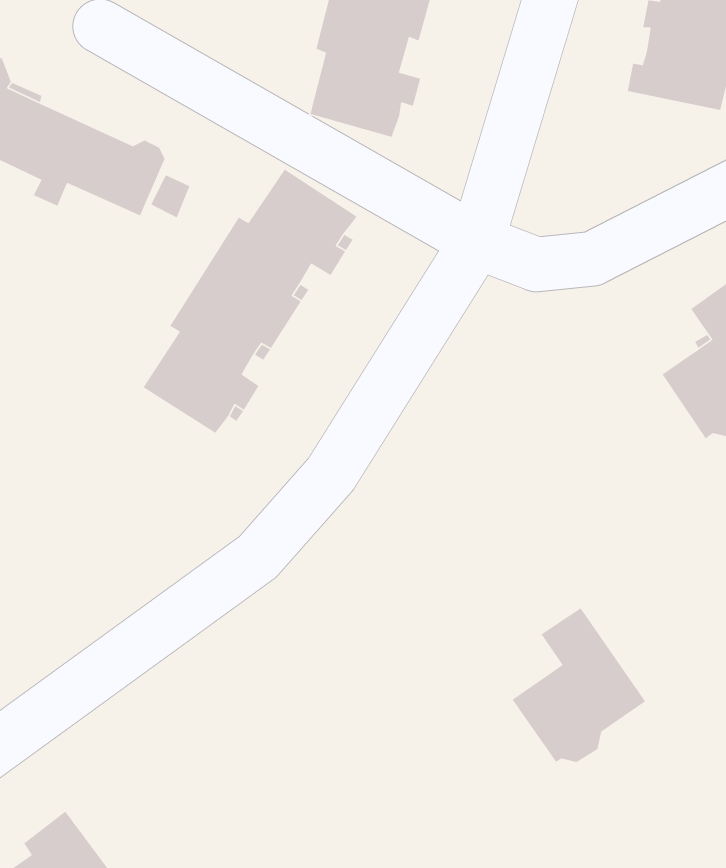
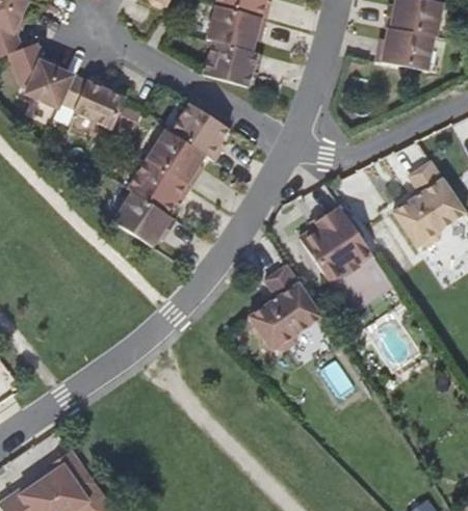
building: none -> [298,206,373,286]
building: [512,607,646,763] -> [250,267,322,351]

